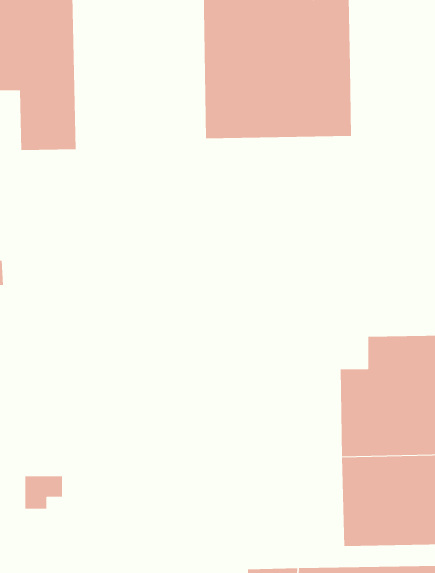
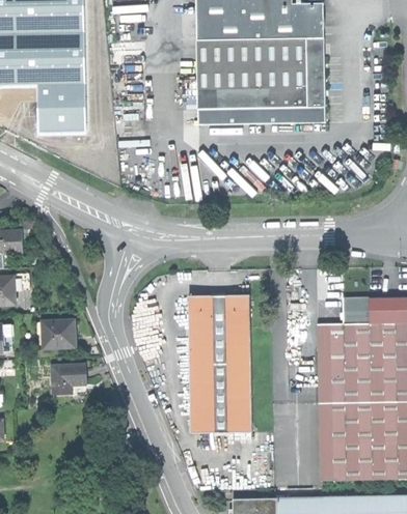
building: none -> [187,296,251,434]
building: none -> [44,319,78,346]
building: [25,476,63,509] -> [54,365,87,394]

